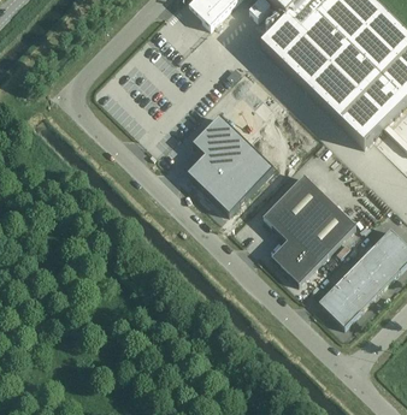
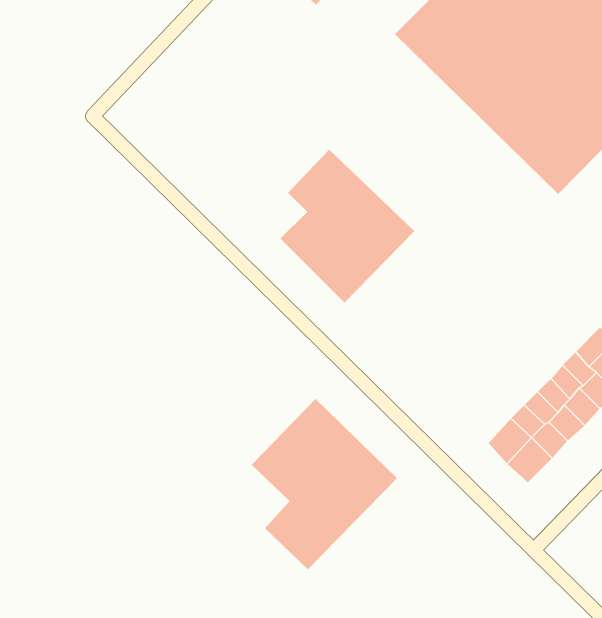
building: [263,174,355,283] -> [251,398,398,570]

